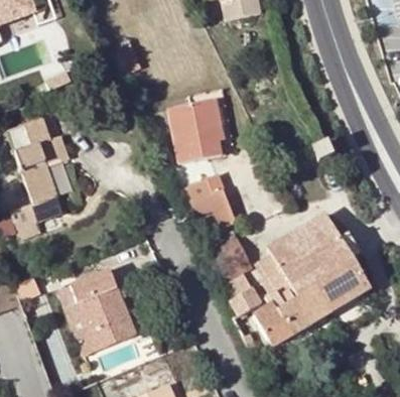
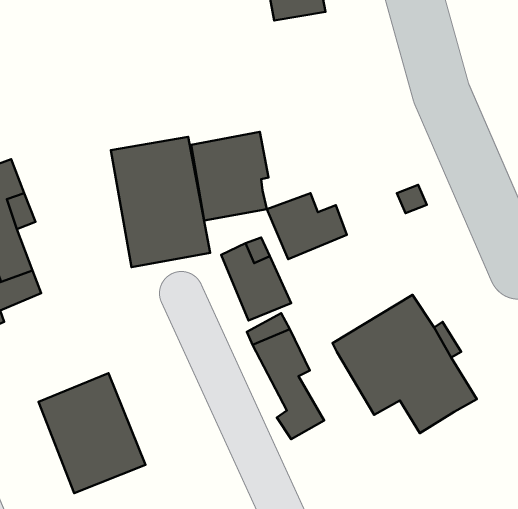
building: none -> [111,137,210,267]
building: none -> [267,193,347,259]
building: [254,254,329,346] -> none

